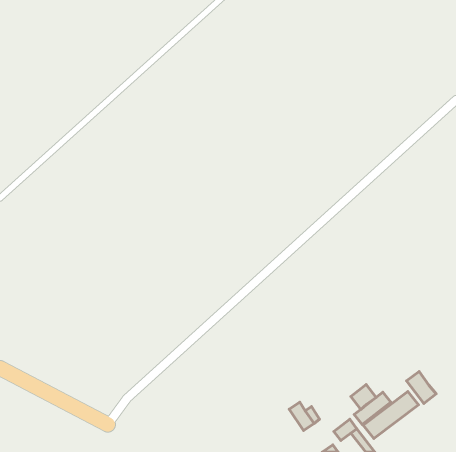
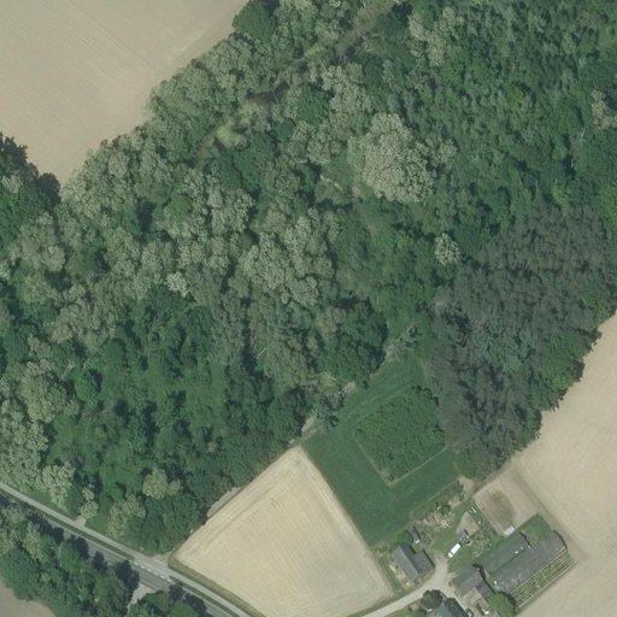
building: [407,371,436,403] -> none
building: [351,384,376,409] -> none

